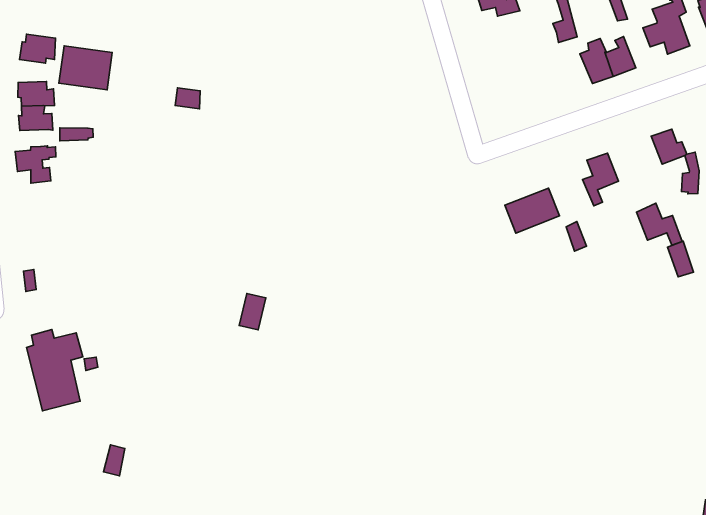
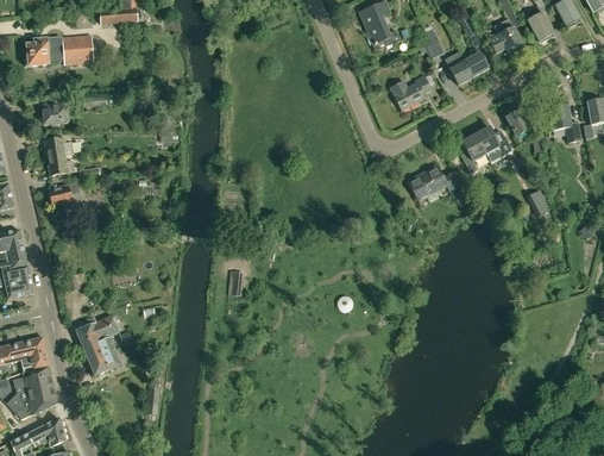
building: [59,46,112,90] -> none
building: none -> [390,75,432,110]
building: [637,203,682,245] -> [476,125,511,154]

